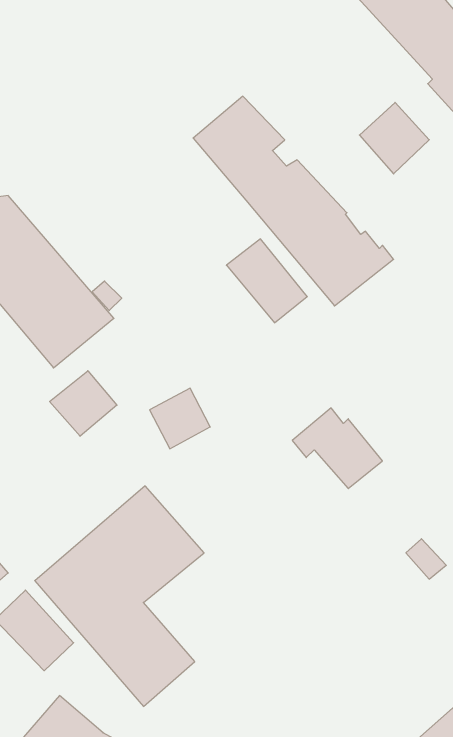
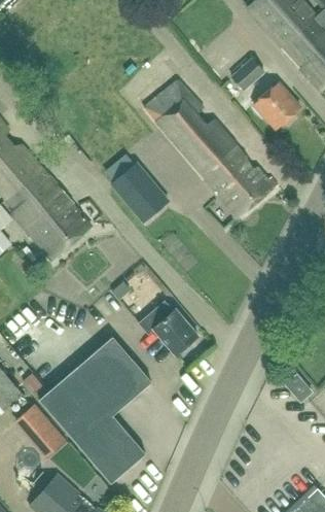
building: none -> [231,59,264,91]
building: [226,239,307,323] -> [110,165,164,220]
building: [50,371,117,436] -> none
building: [292,408,382,489] -> [139,301,198,354]

